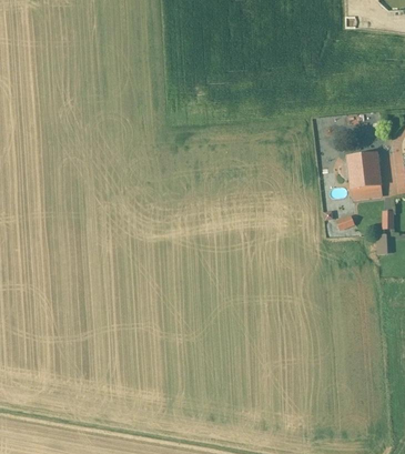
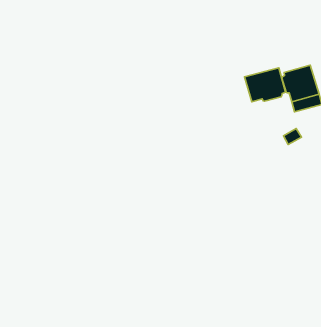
building: none -> [245,68,286,102]

